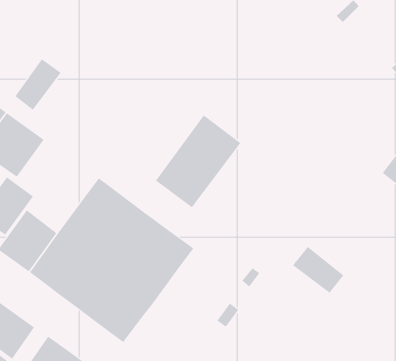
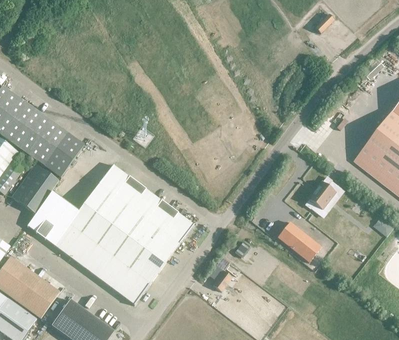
building: [14,59,62,111] -> [44,132,84,176]
building: [155,114,241,208] -> none
building: none -> [305,176,336,209]

